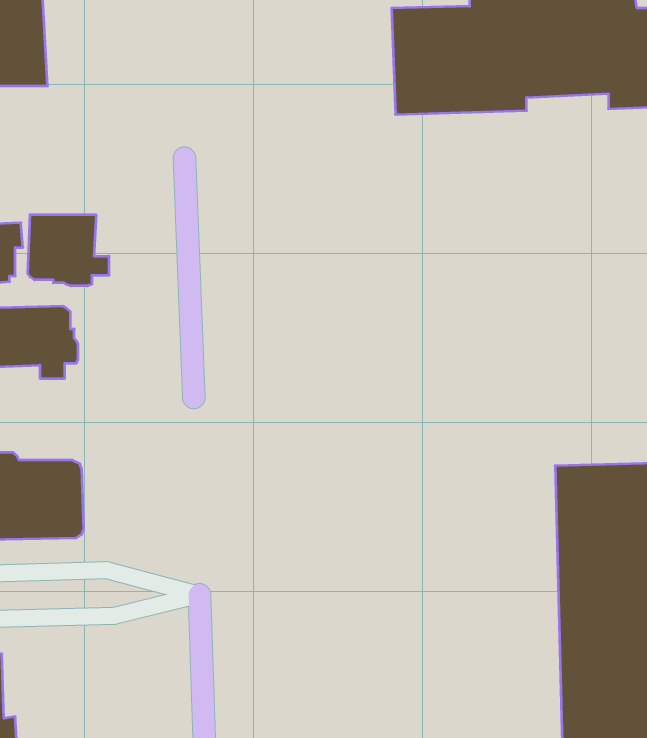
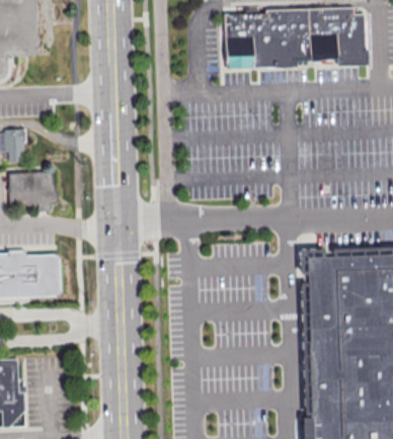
building: [28,215,109,286] -> none

